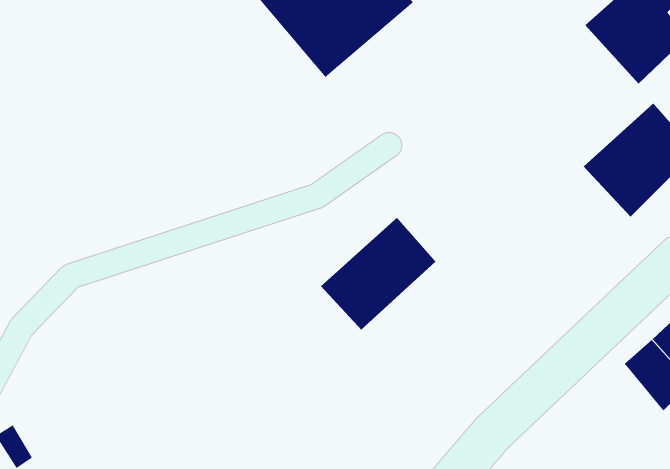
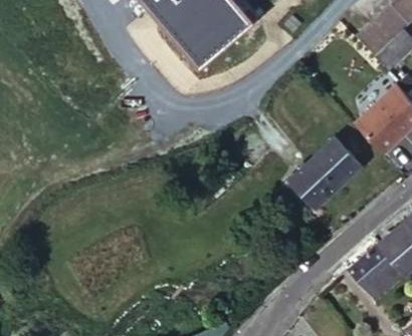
building: [320,217,437,330] -> [291,136,363,206]
building: none -> [353,243,406,296]

